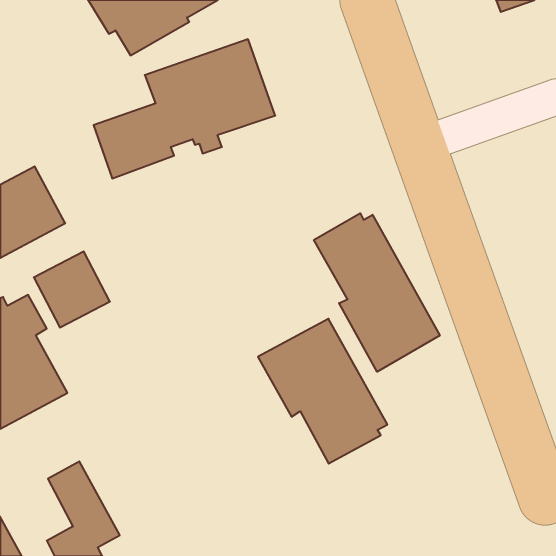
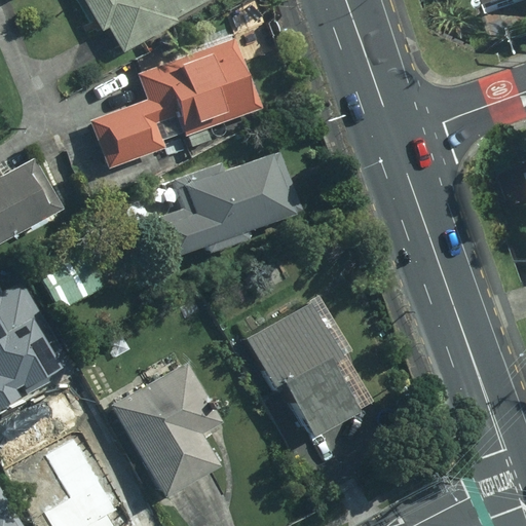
building: none -> [156,152,302,257]
building: [314,213,440,372] -> none
building: none -> [109,362,222,497]

